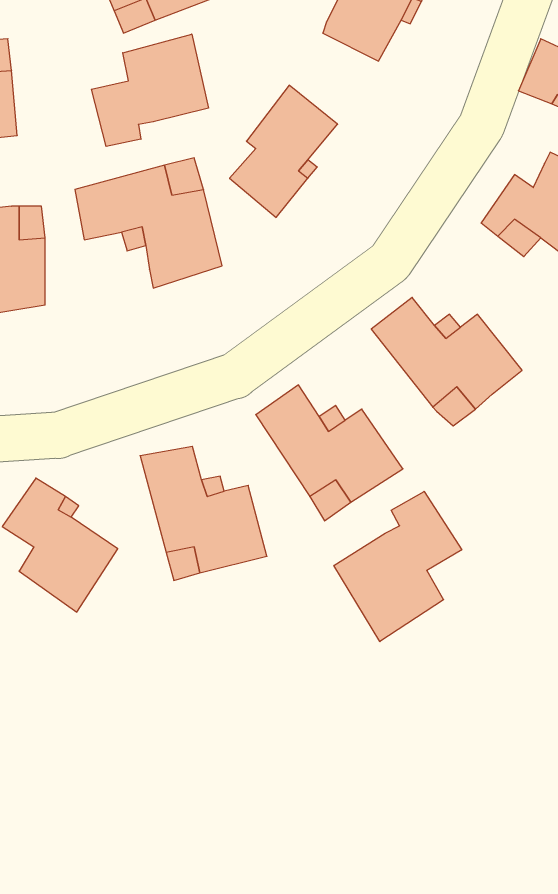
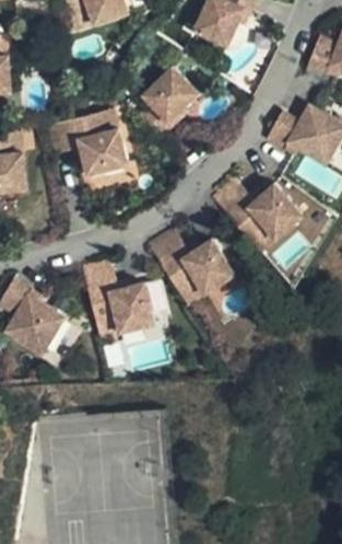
building: [91,34,208,146] -> none
building: [334,491,462,642] -> none

